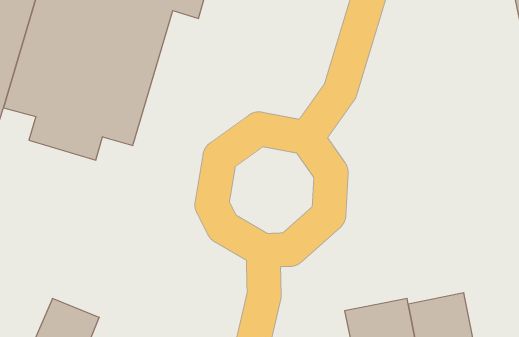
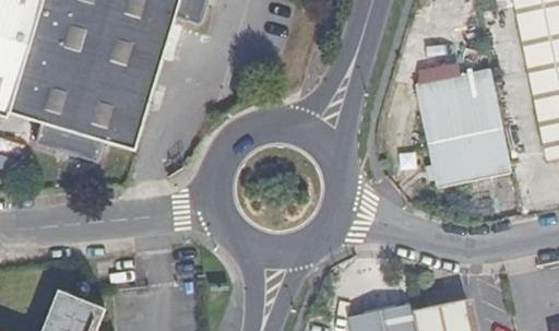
building: none -> [408,59,501,176]

